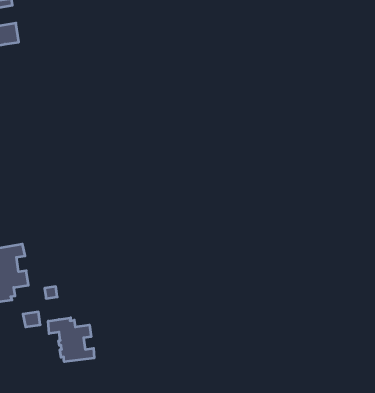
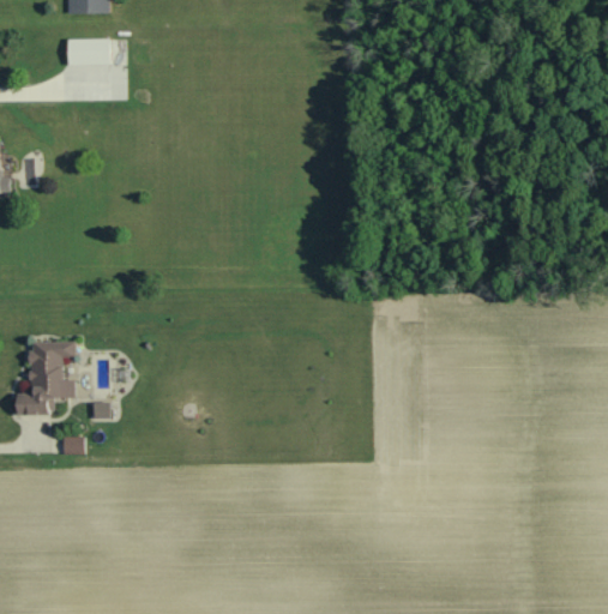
building: [48,318,94,362] -> none

